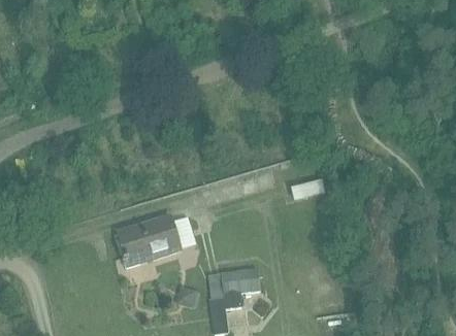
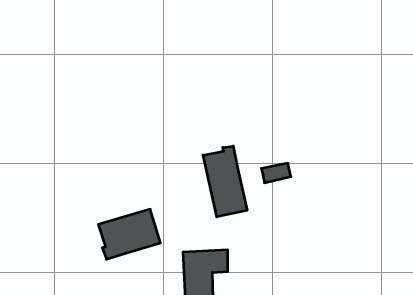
building: none -> [203,146,247,217]

